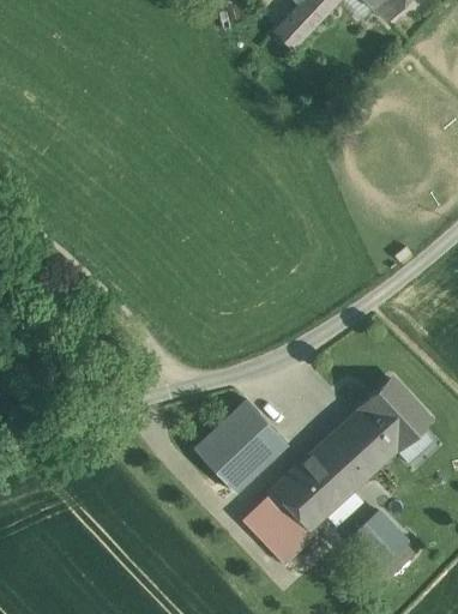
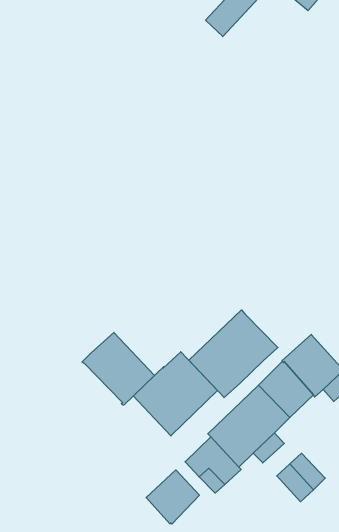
building: none -> [189,310,278,398]
building: none -> [82,332,154,405]
building: none -> [146,470,199,524]

